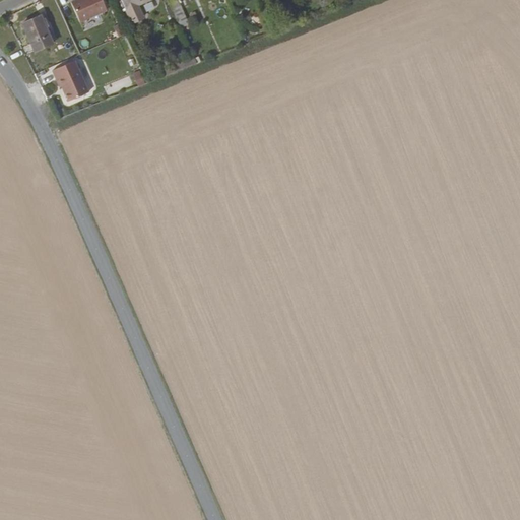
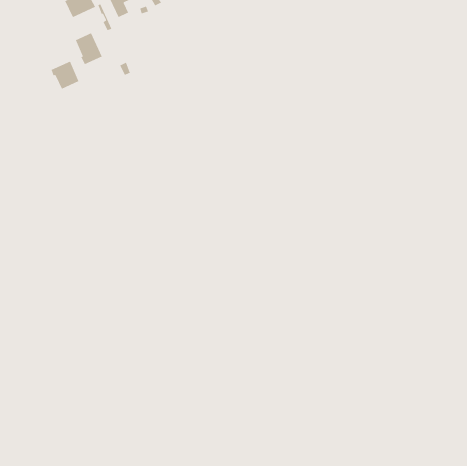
building: [22,14,56,50] -> none
building: none -> [75,32,103,65]

